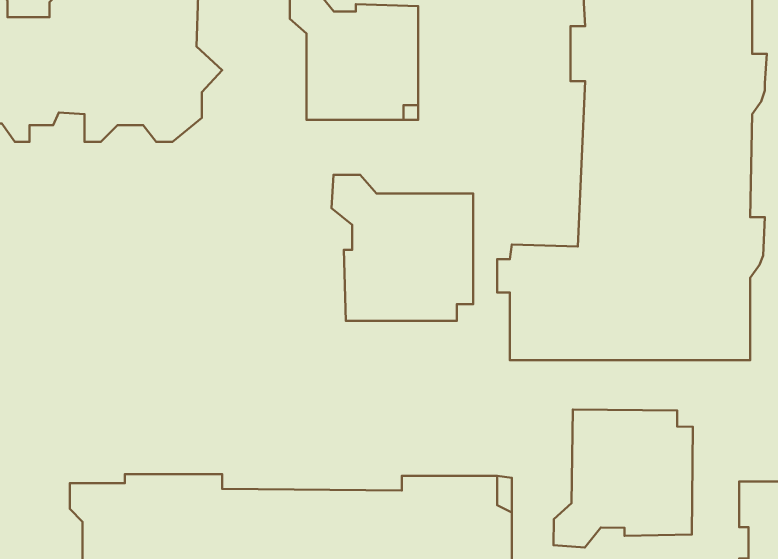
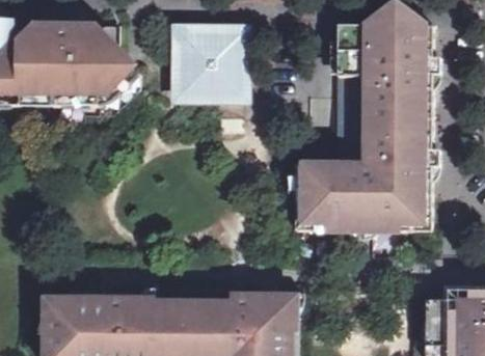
building: [331,175,473,321] -> none
building: [553,409,693,547] -> none

